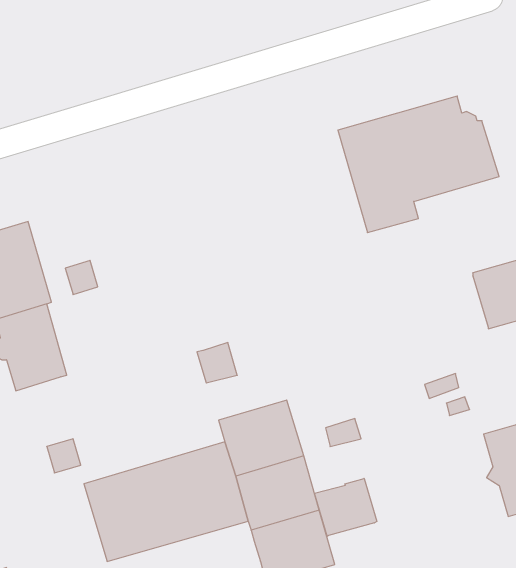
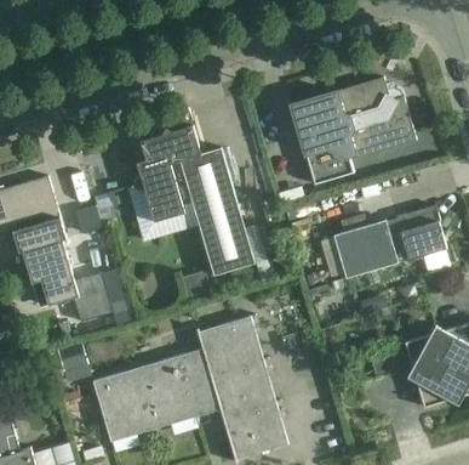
building: none -> [130,126,254,276]
building: none -> [332,219,407,278]
building: none -> [73,273,111,322]
building: [314,478,377,536] -> none

